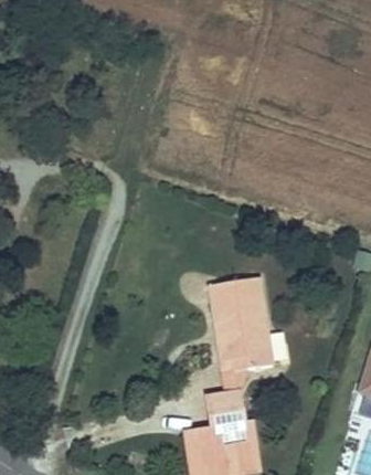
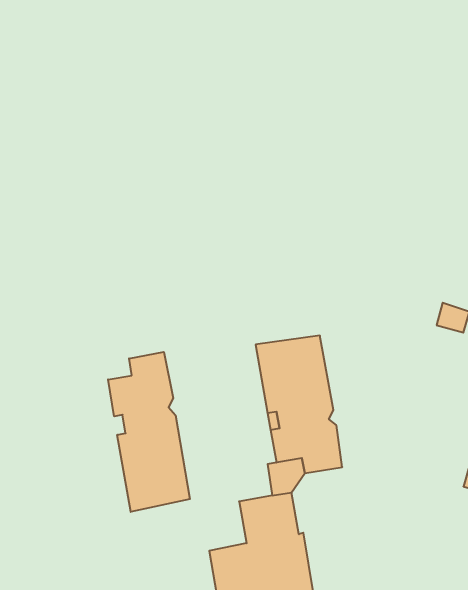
building: none -> [108,352,190,512]

